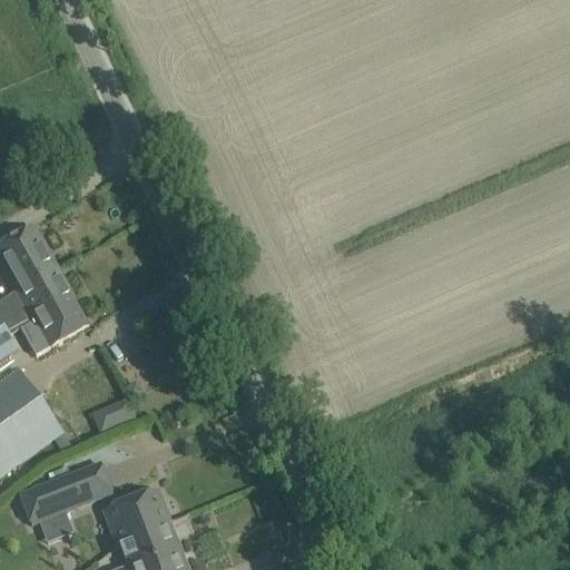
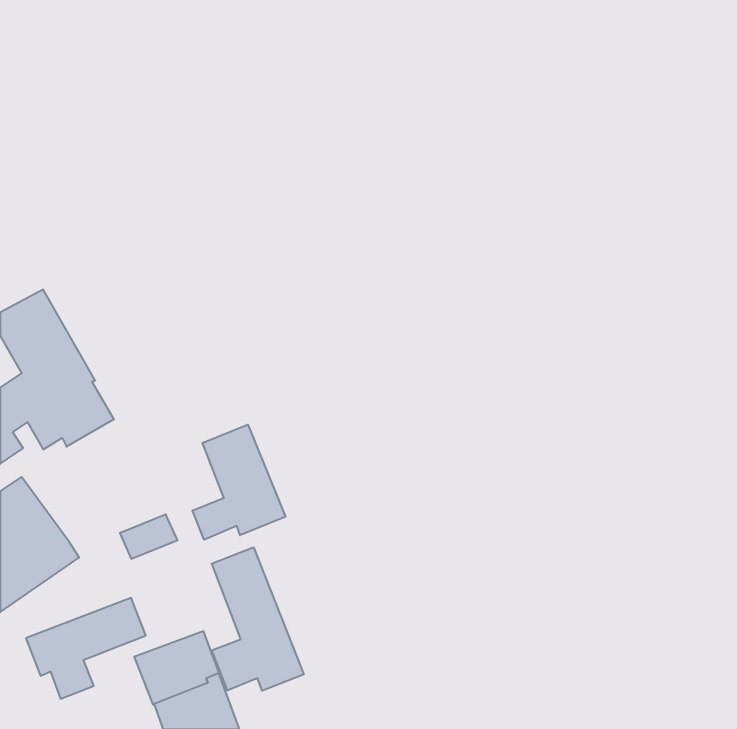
building: none -> [193,425,285,540]
building: none -> [212,547,304,691]

